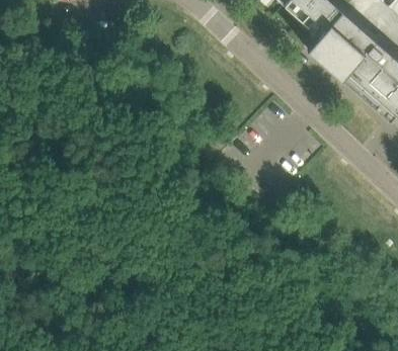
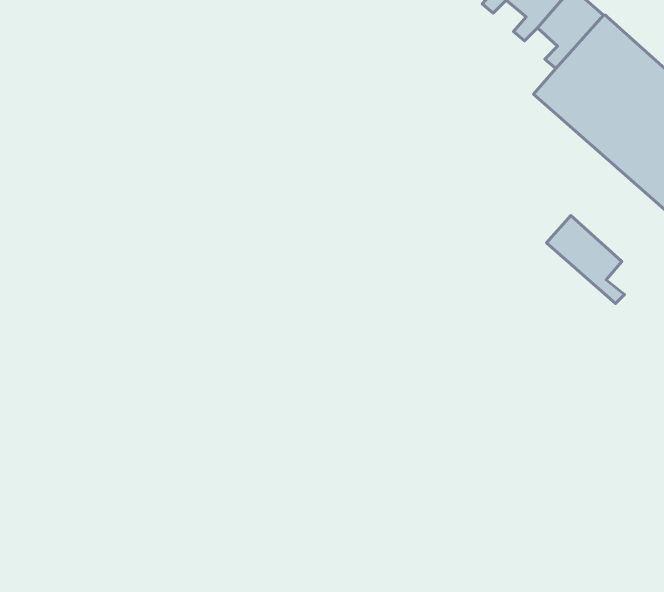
building: none -> [547,216,624,304]

